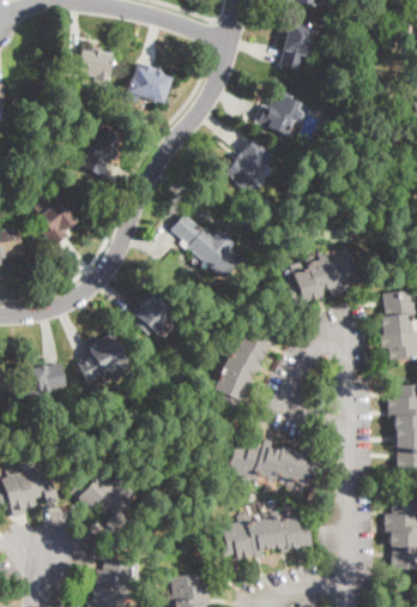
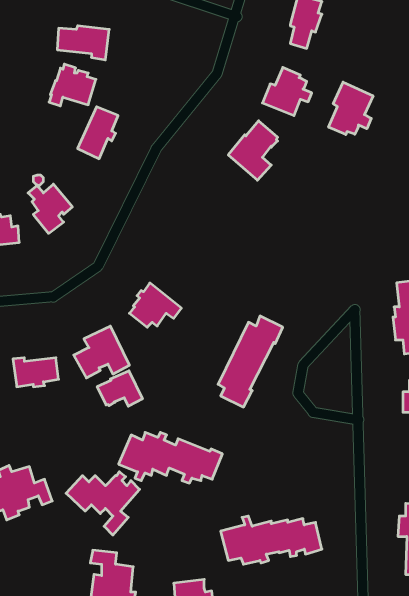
building: [126,64,170,103] -> [49,64,96,106]
building: none -> [329,82,373,135]
building: [171,215,241,278] -> none
building: [288,253,359,305] -> none
building: none -> [97,371,142,406]
building: [226,440,325,488] -> [119,432,222,483]

